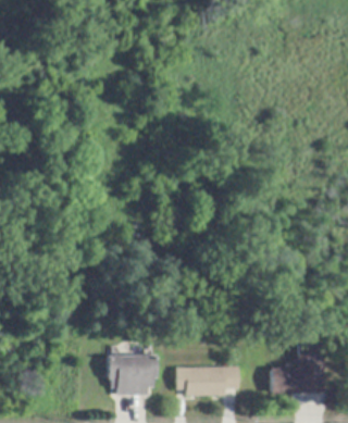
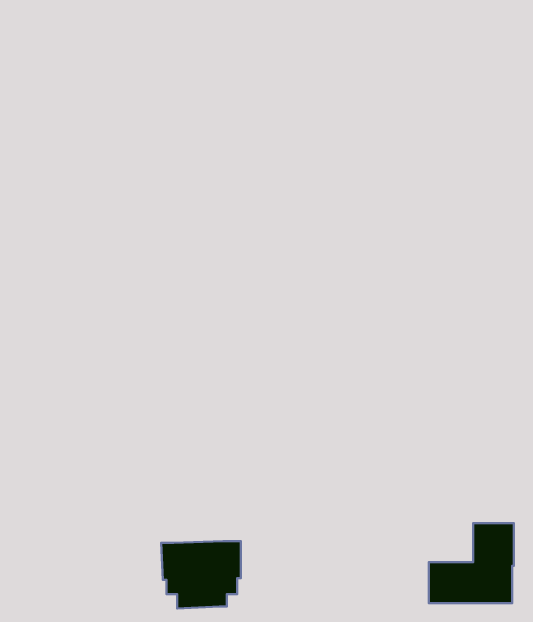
building: [176,366,238,397] -> none

